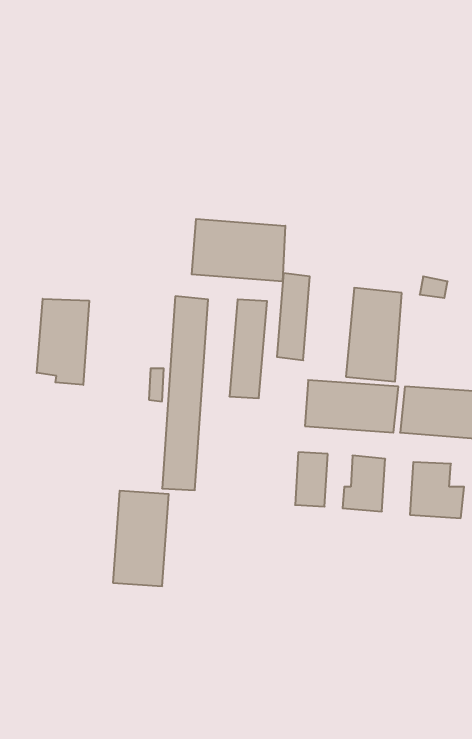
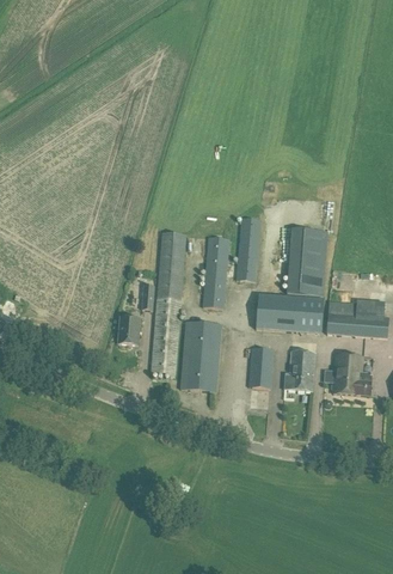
building: [192,219,285,282] -> none
building: [37,299,89,385] -> none
building: none -> [119,317,141,346]
building: [113,491,169,586] -> [183,322,223,391]

